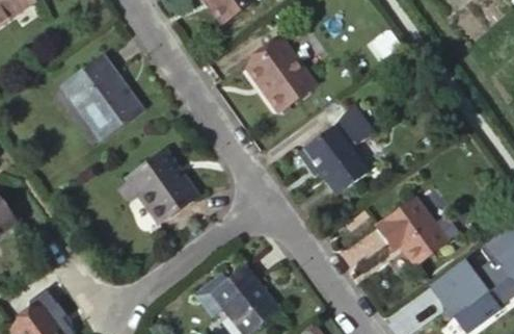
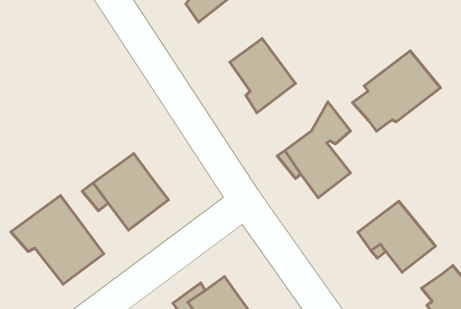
building: none -> [353,51,441,131]
building: [58,57,139,143] -> none
building: none -> [11,196,104,284]

